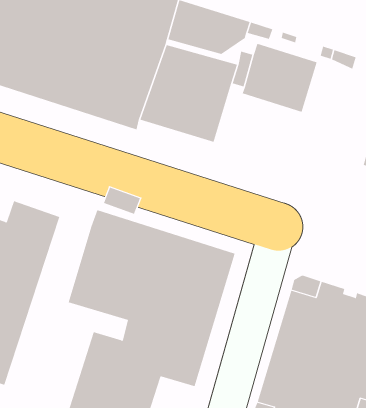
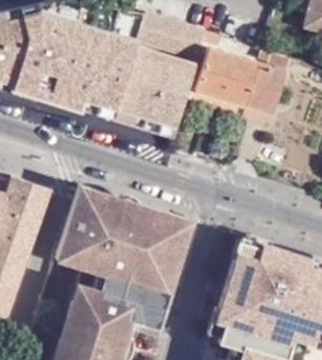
building: none -> [246,66,285,117]

